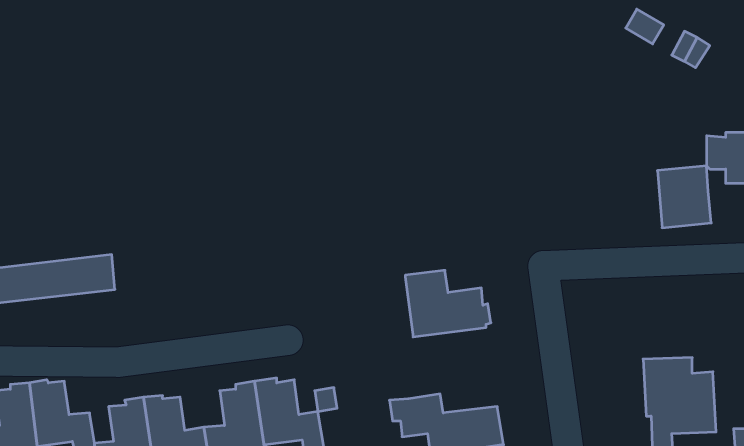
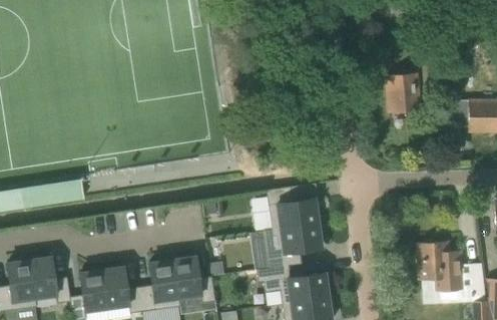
building: [657,166,711,228] -> [386,74,420,113]
building: none -> [264,224,323,269]

